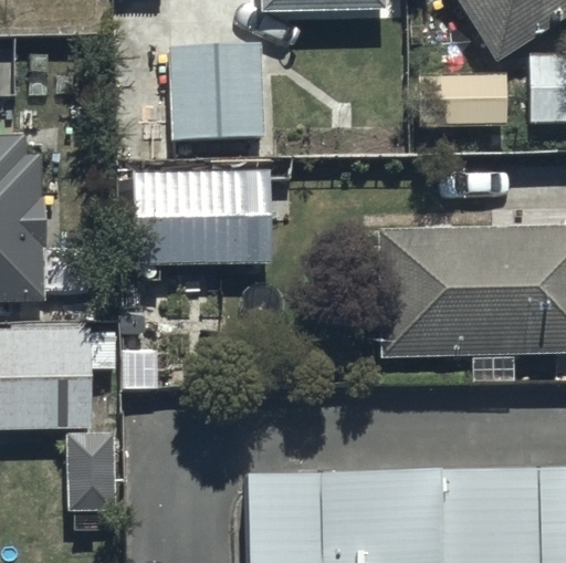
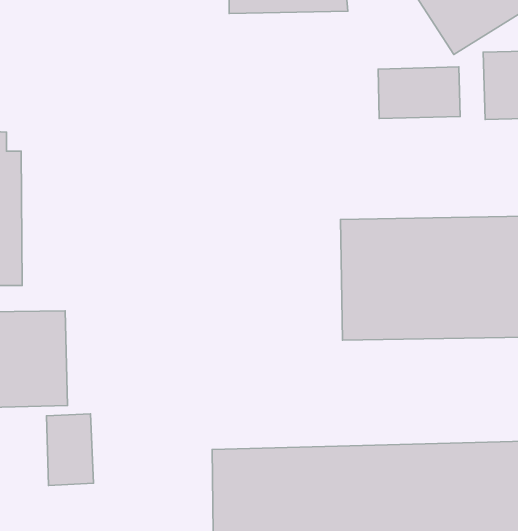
building: [168,45,263,139] -> none
building: [133,170,272,269] -> none

